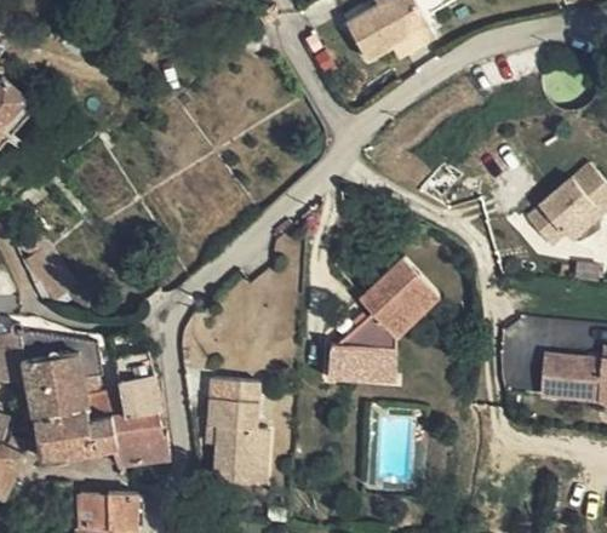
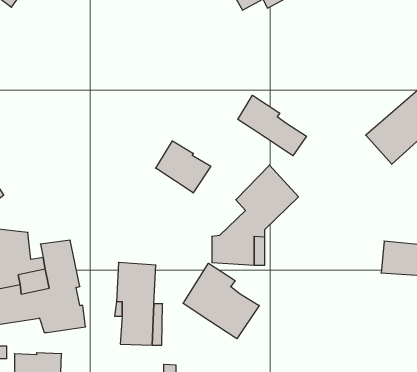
building: none -> [238,95,306,156]
building: none -> [156,141,211,193]
building: none -> [183,263,259,339]

